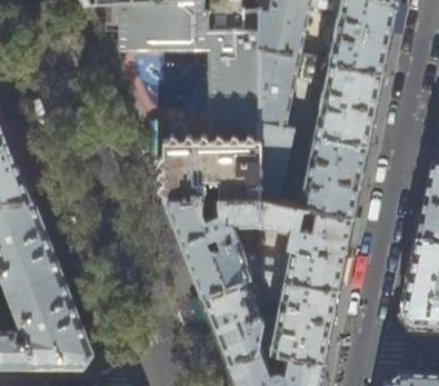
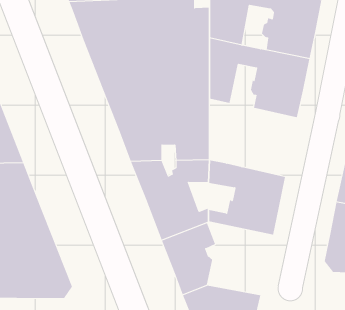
building: [259,125,293,204] -> none
building: [299,136,367,220] -> none
building: [257,275,338,365] -> none

